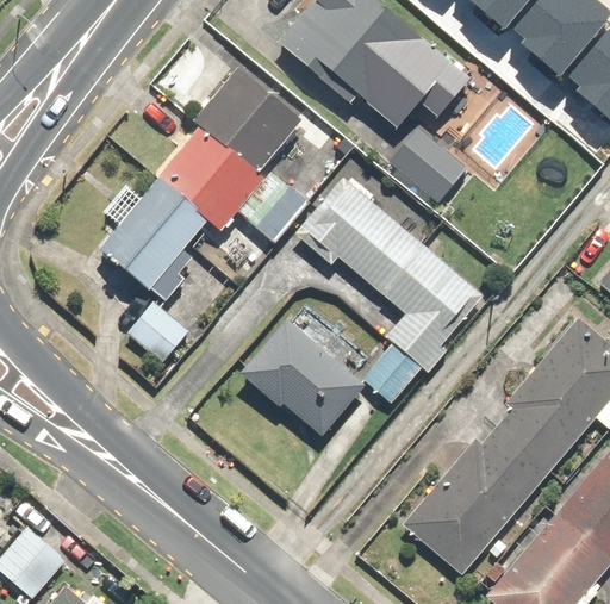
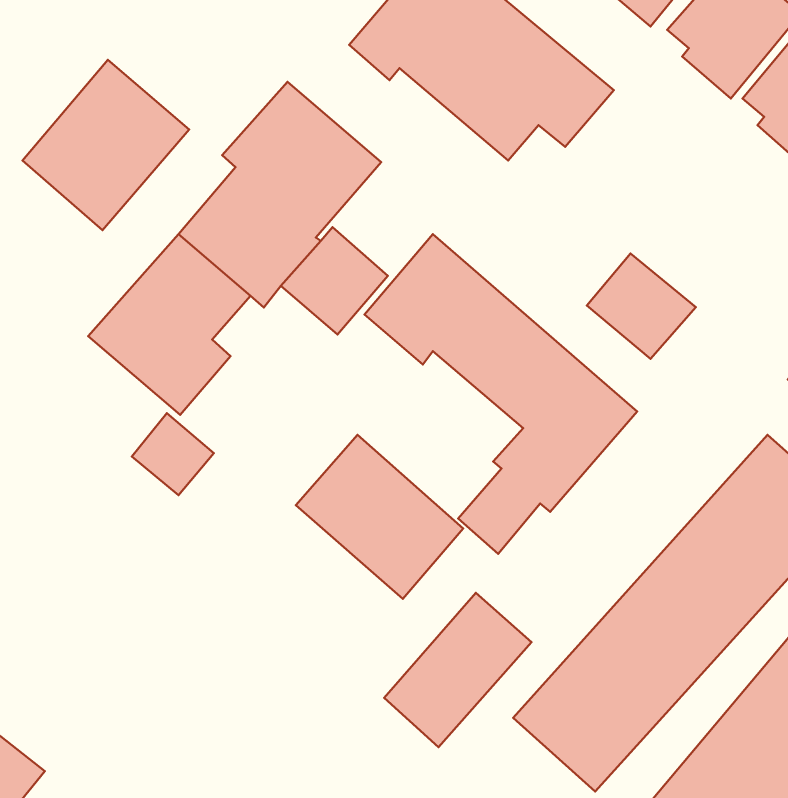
building: none -> [23,60,189,230]
building: [387,129,465,204] -> [587,253,696,359]
building: none -> [384,593,532,747]

